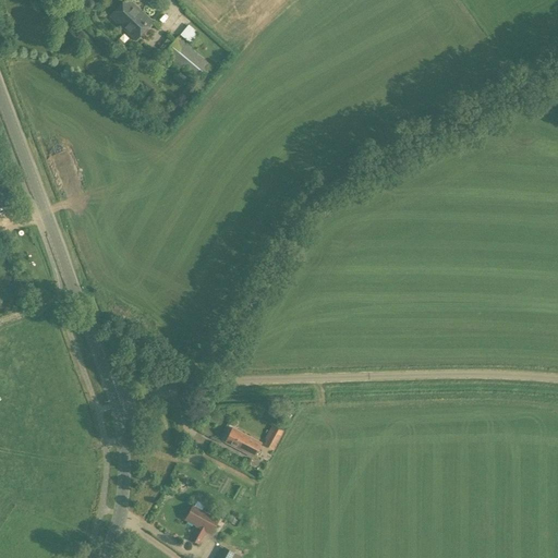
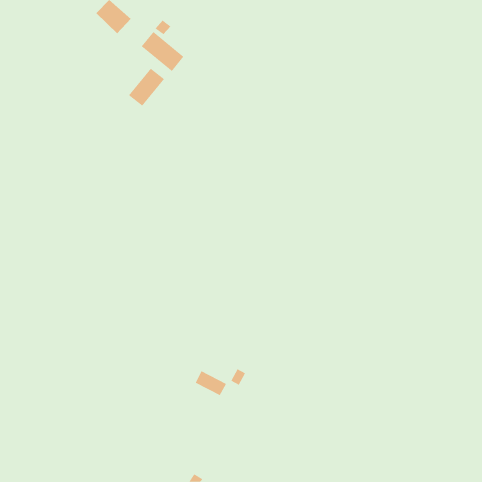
building: none -> [128,68,165,107]
building: [186,506,219,543] -> none

